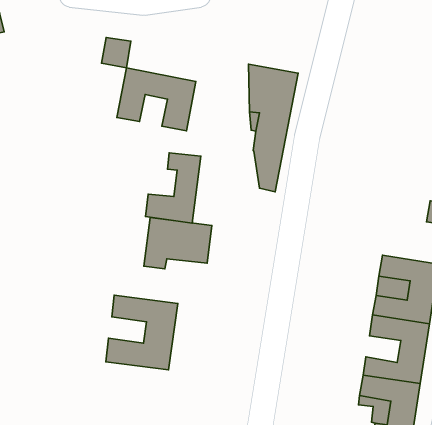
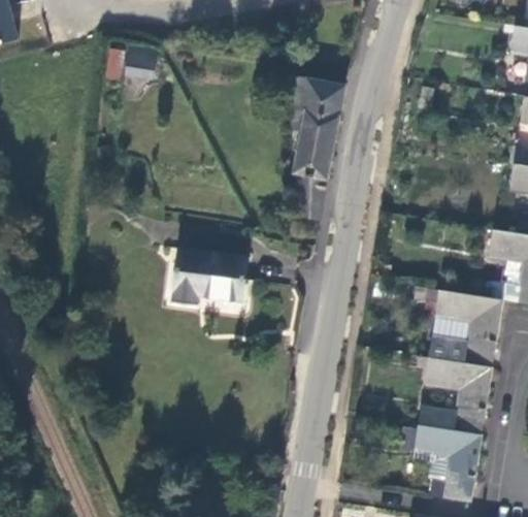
building: [117,68,196,131] -> none
building: [146,153,201,223] -> none
building: [106,295,178,370] -> none

